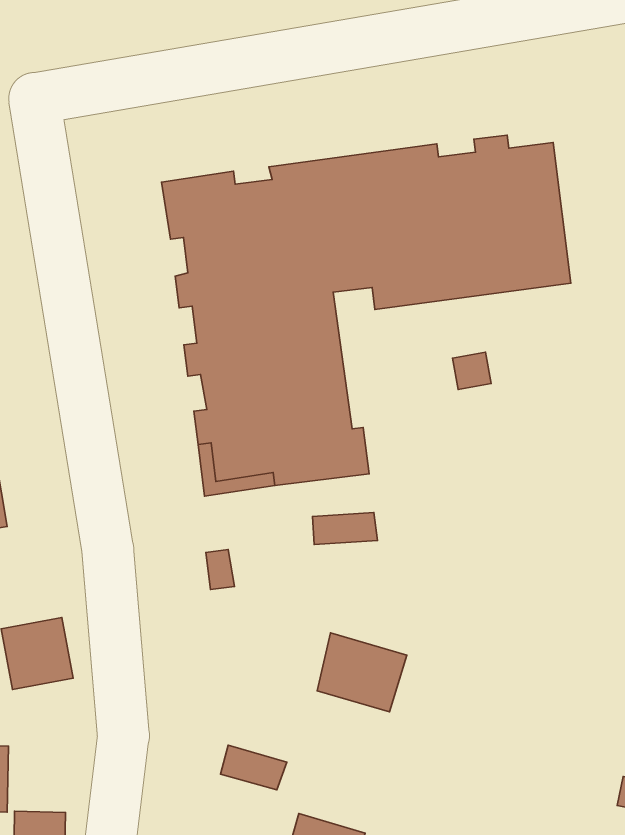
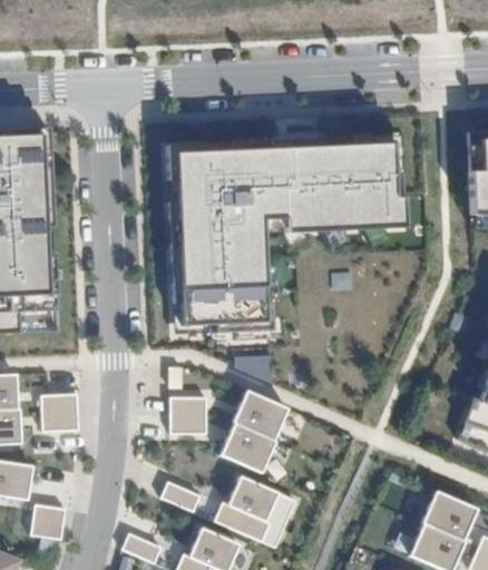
building: none -> [235,390,291,441]
building: none -> [170,396,207,433]
building: none -> [216,474,280,540]

